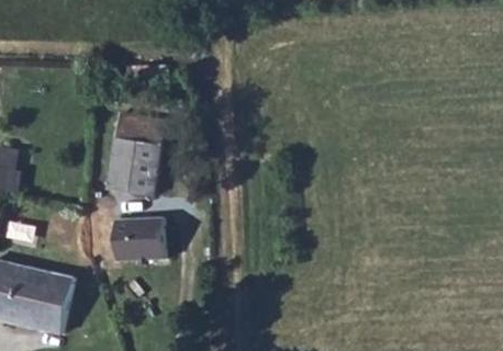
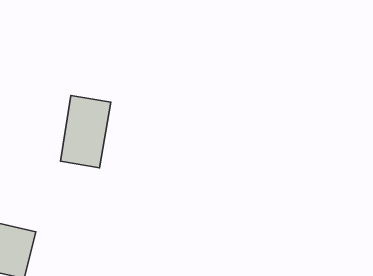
building: [115,220,166,264] -> none

